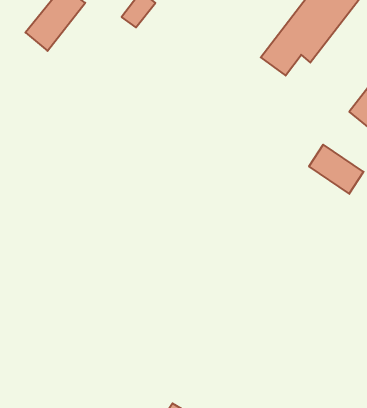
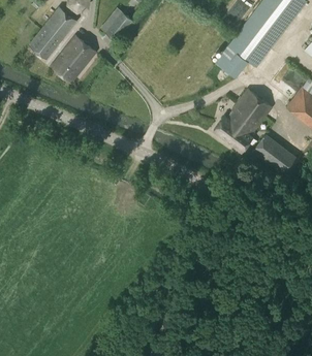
building: none -> [50,35,95,83]
building: none -> [212,89,271,153]

